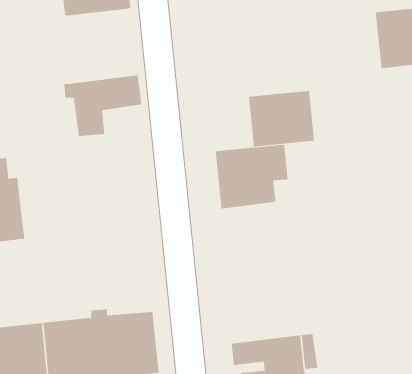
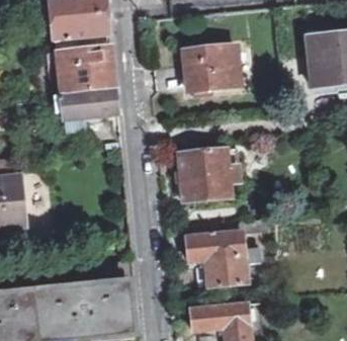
building: none -> [53,34,114,96]
building: [248,90,315,147] -> [184,46,239,92]
building: none -> [183,216,265,283]

